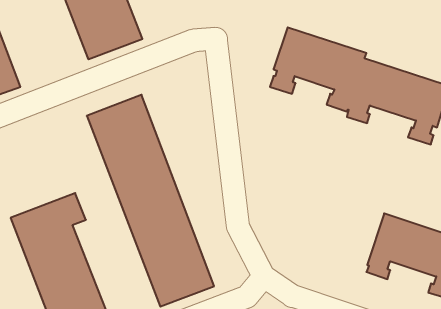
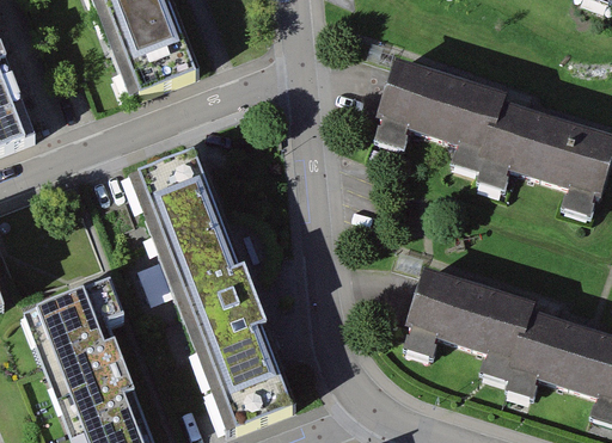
building: none -> [402,267,531,381]

